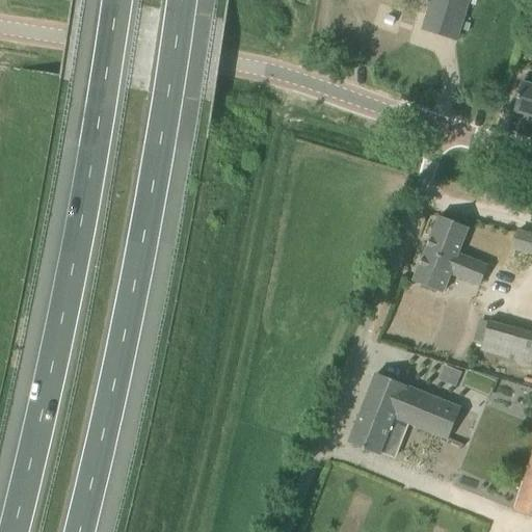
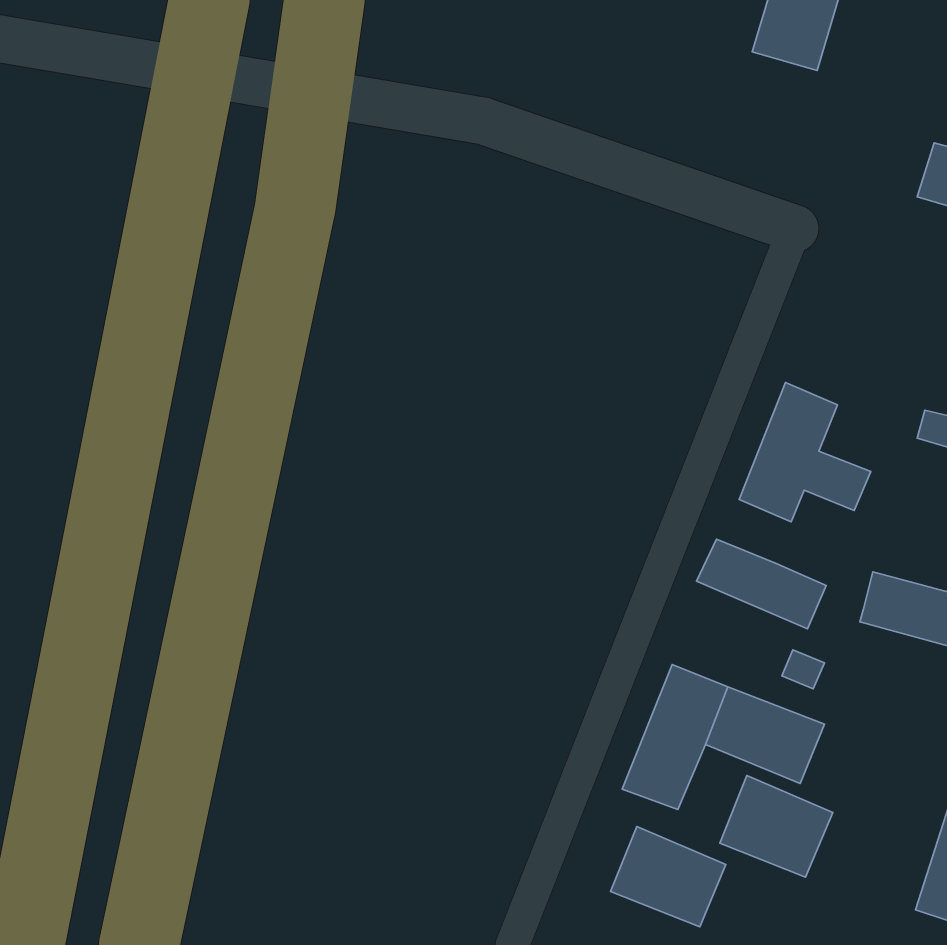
building: none -> [697,539,826,629]
building: none -> [720,776,833,877]
building: none -> [611,826,726,927]

